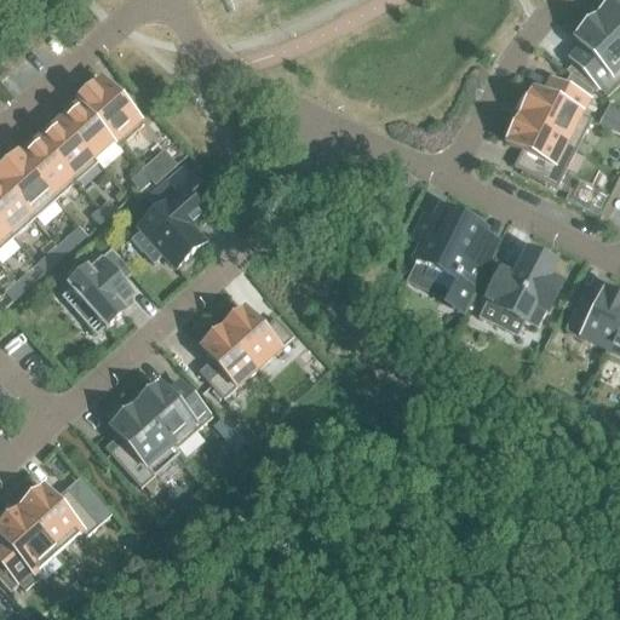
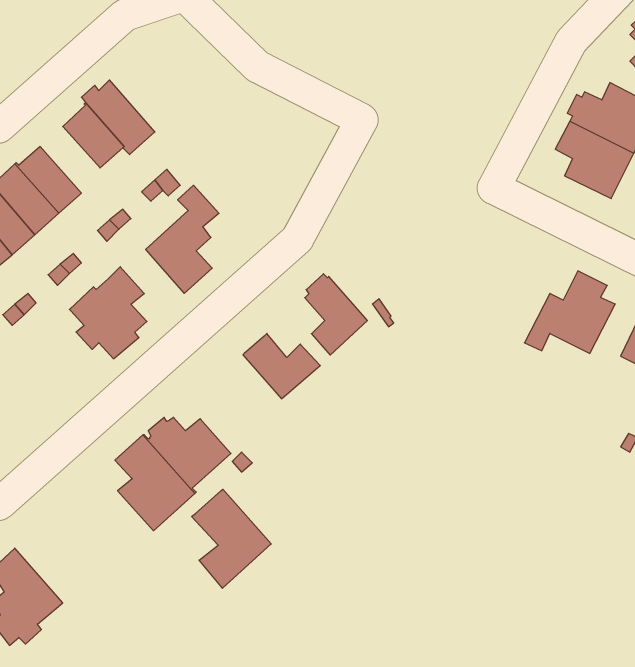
building: [39,117,94,178] -> none
building: [413,205,484,306] -> none
building: [201,322,258,396] -> [305,274,367,355]
building: none -> [192,489,271,588]
building: [16,481,110,550] -> none

